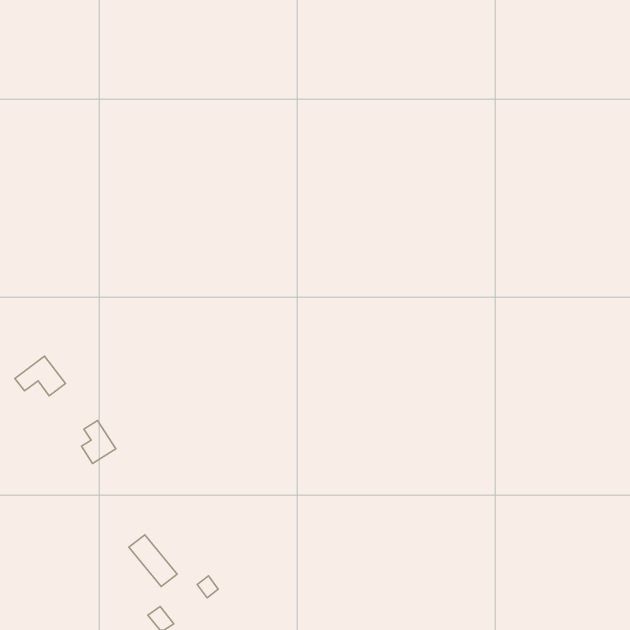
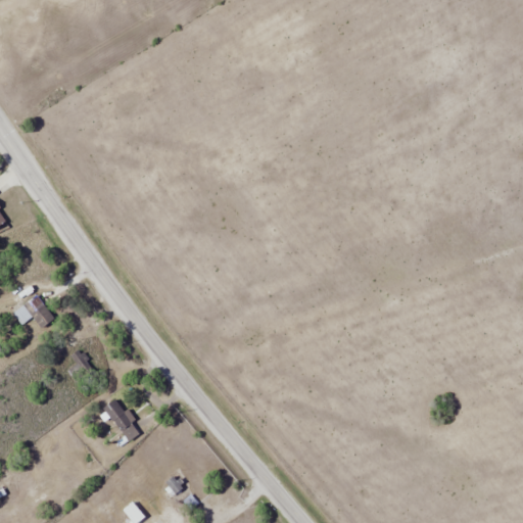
building: [129,535,177,587] -> [102,398,142,441]

